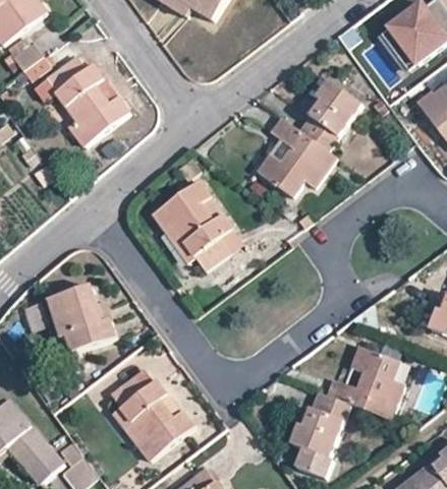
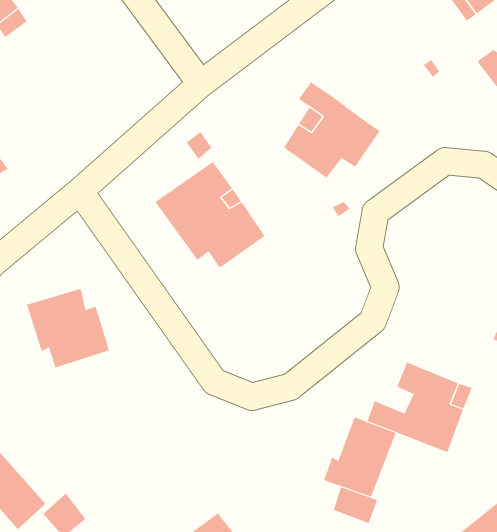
building: [34,58,127,146] -> none
building: [296,75,359,150] -> none
building: [109,369,191,460] -> none

